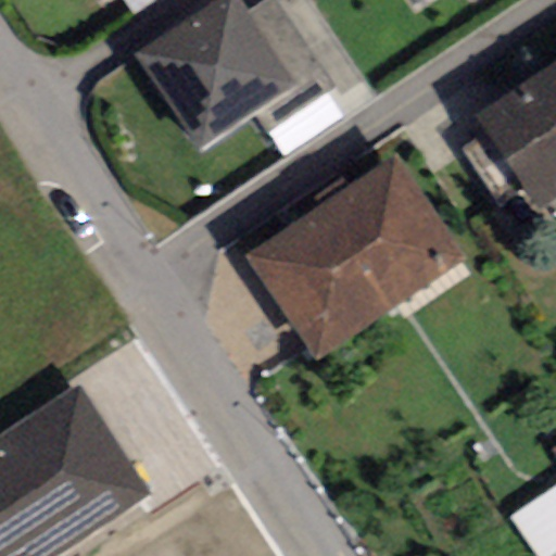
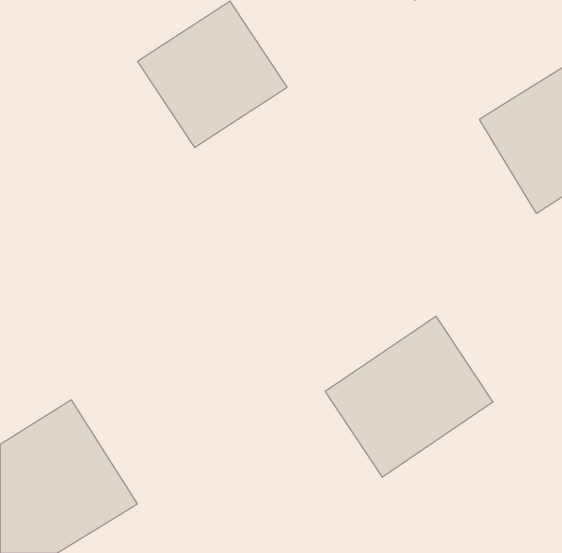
building: [252,166,456,354] -> none
building: none -> [325,316,493,477]

